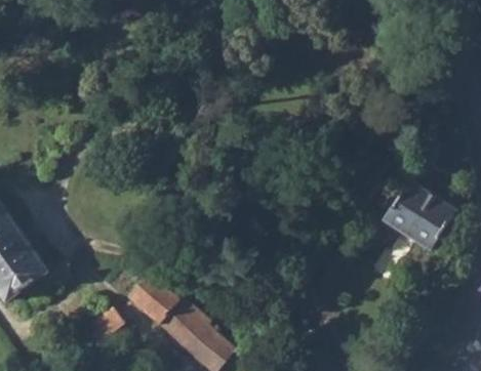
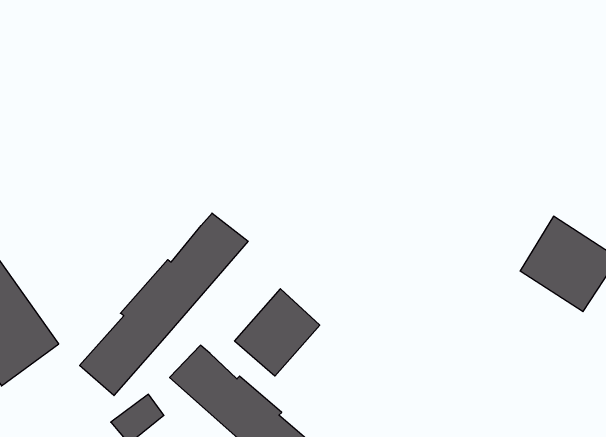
building: none -> [80,213,248,396]
building: none -> [235,289,320,376]

